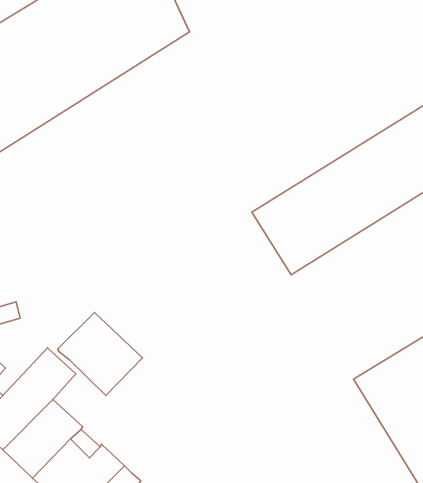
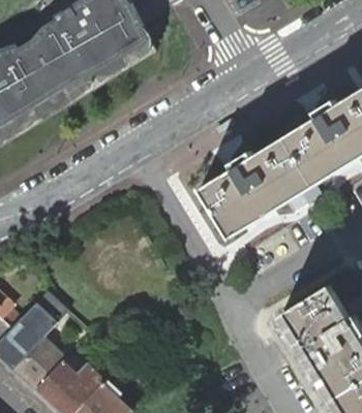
building: [58,312,143,396] -> none

